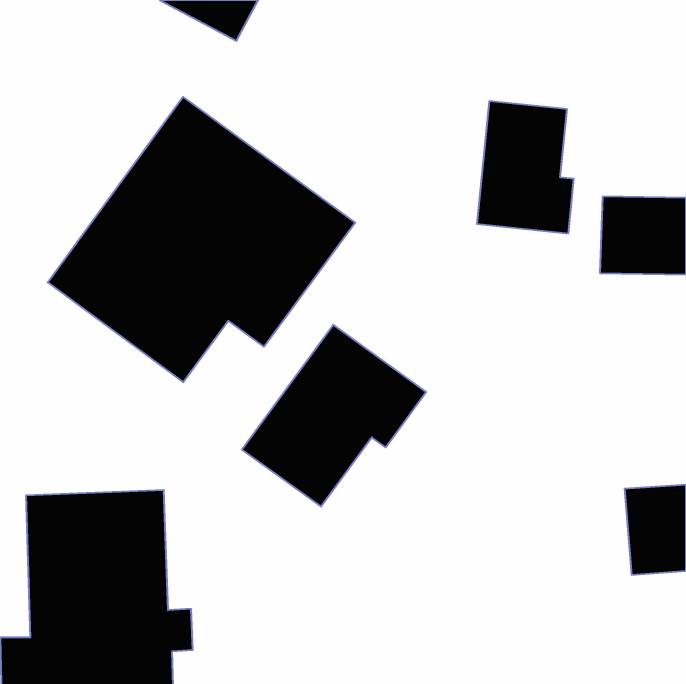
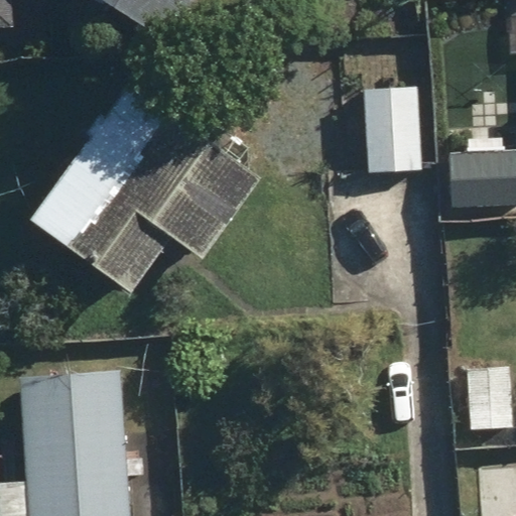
building: [242,325,426,507] -> none

